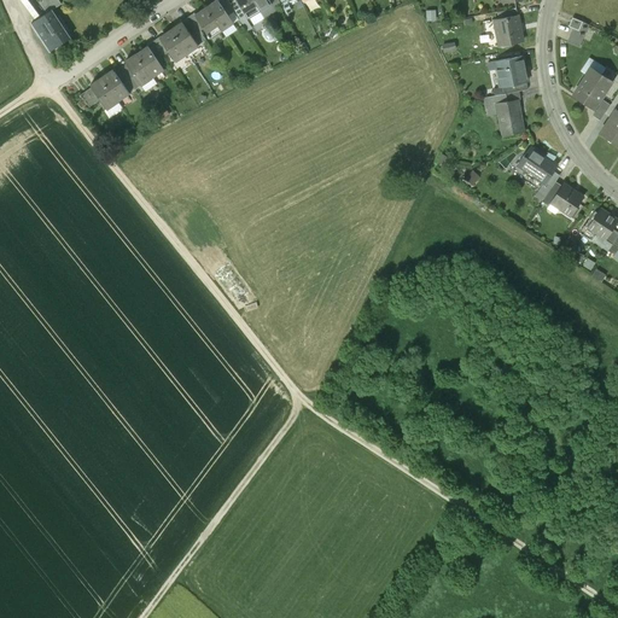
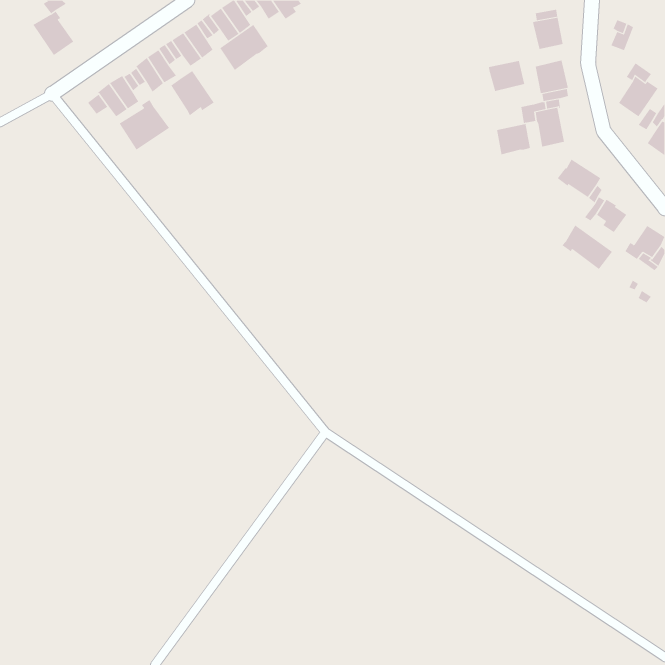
building: none -> [220,24,269,71]
building: none -> [489,60,525,92]
building: none -> [170,70,214,116]
building: none -> [119,99,170,150]
building: none -> [496,123,530,155]
building: none -> [562,224,613,270]

